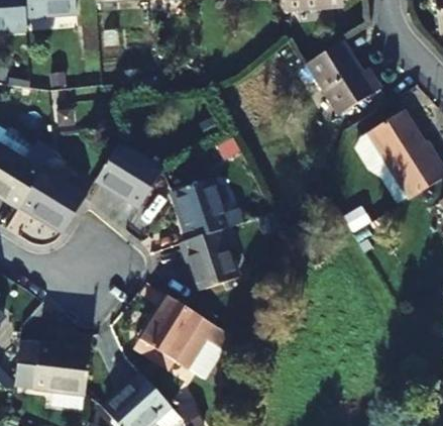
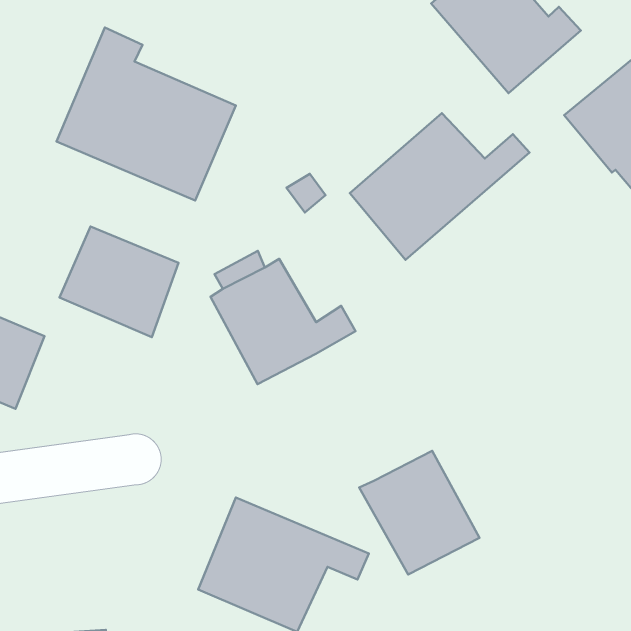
building: none -> [56,27,236,200]
building: none -> [350,113,529,260]
building: [180,231,236,292] -> [359,451,479,574]

